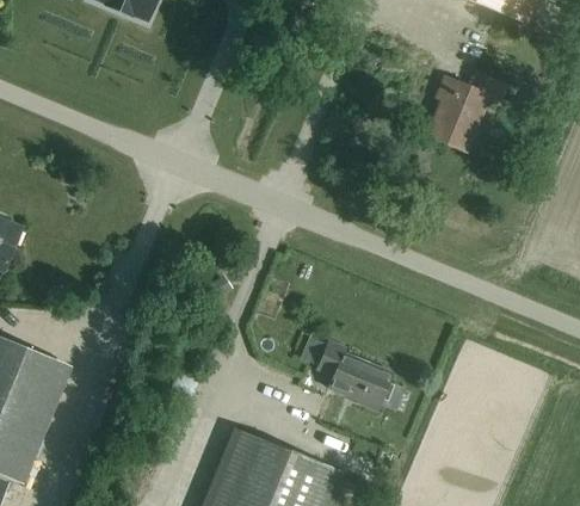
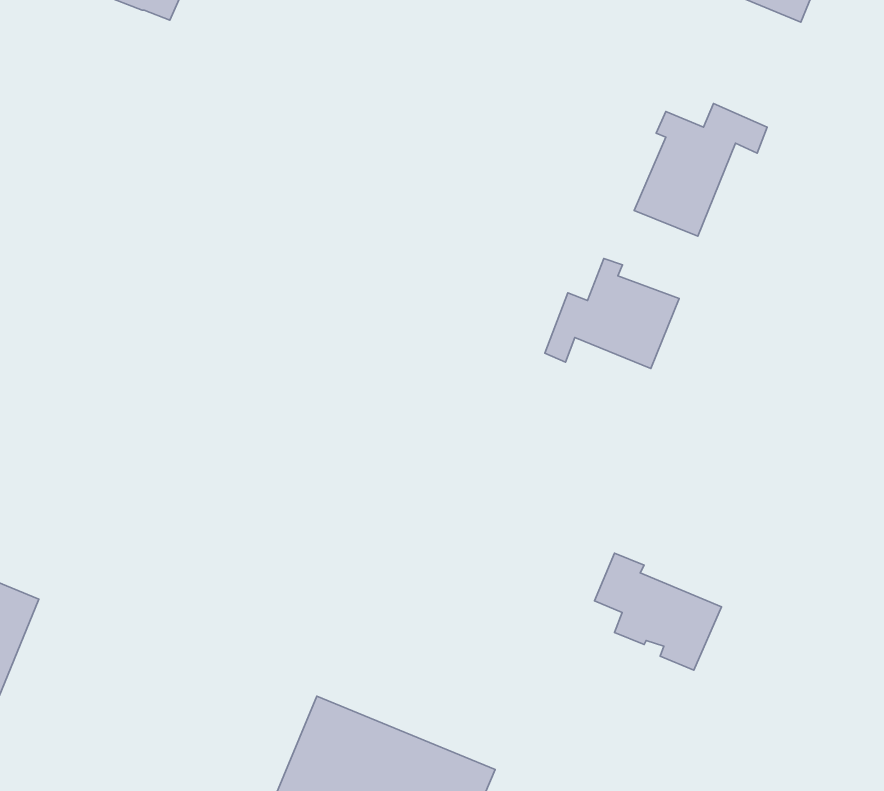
building: none -> [545,259,679,368]
building: [316,340,393,411] -> [595,553,722,670]

